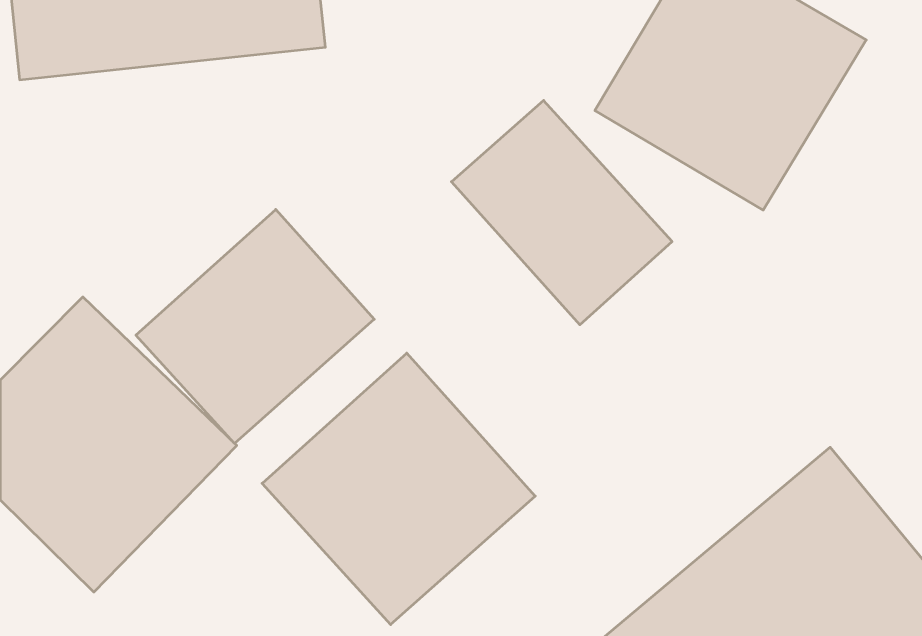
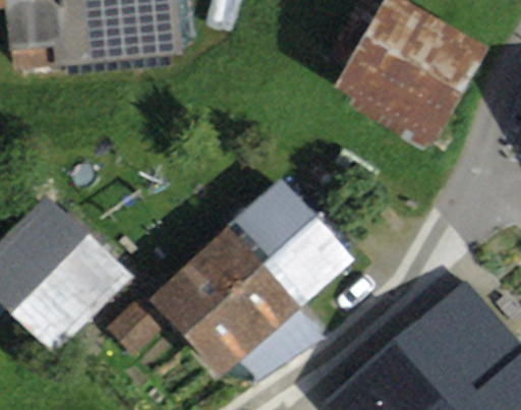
building: [451,100,672,325] -> [229,178,353,304]
building: [136,209,374,443] -> none

